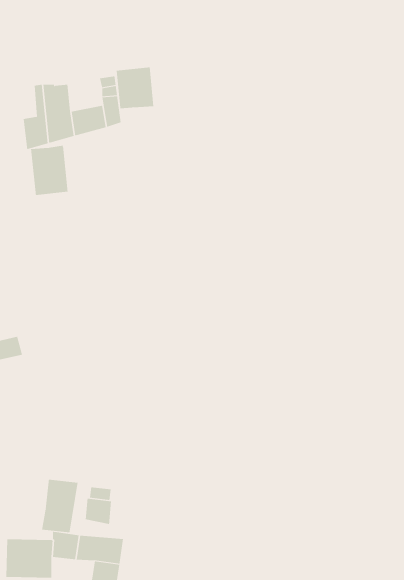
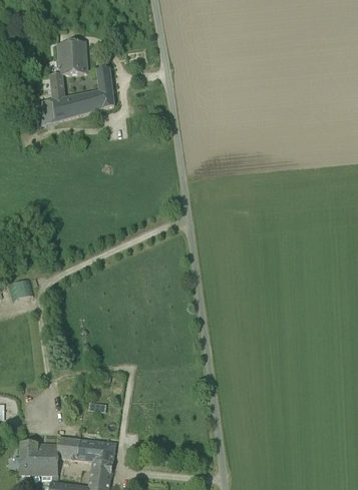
building: [116,67,154,109] -> [56,40,87,74]
building: [31,145,68,196] -> none
building: [41,479,78,533] -> none
building: [85,498,111,525] -> none

